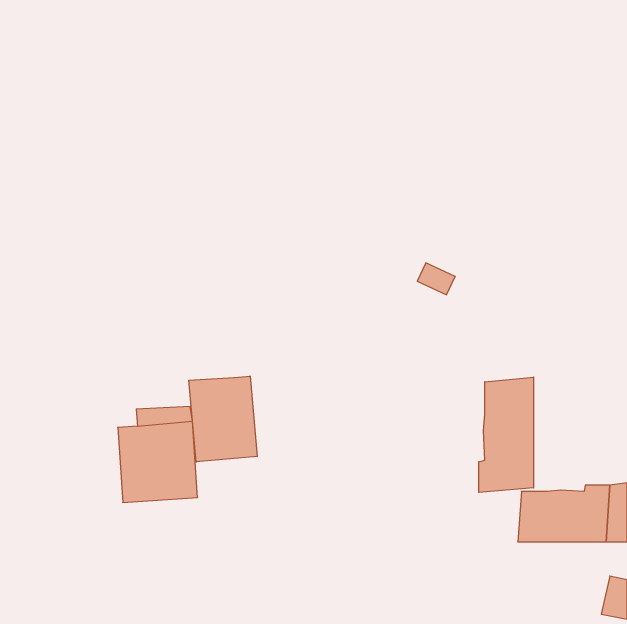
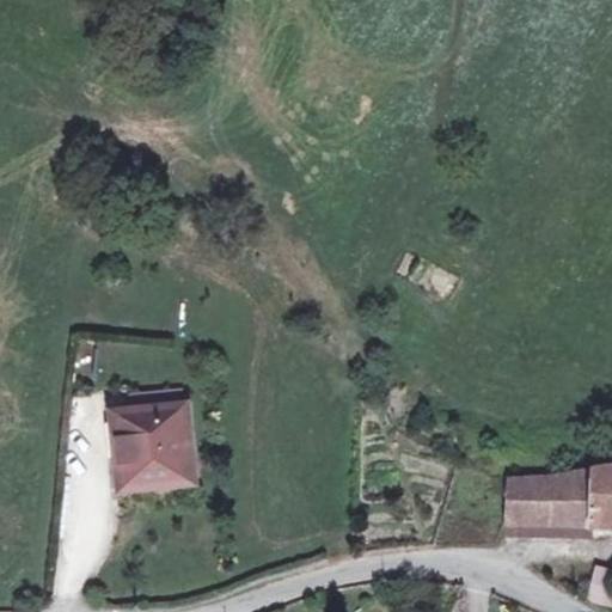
building: [189,376,257,462] -> none
building: [479,377,534,492] -> none

